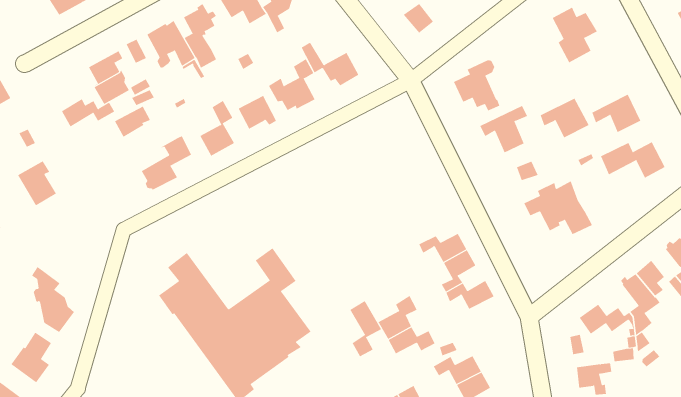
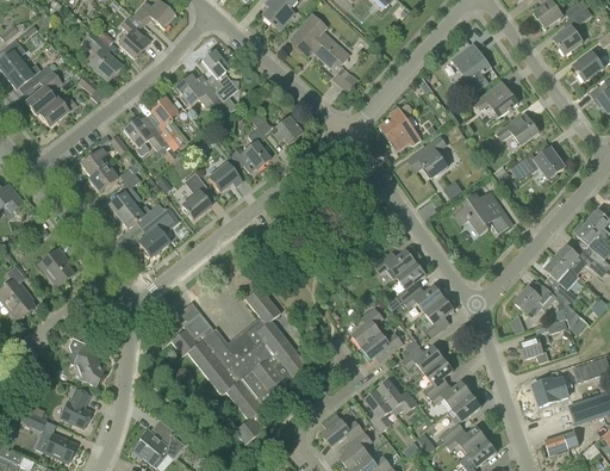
building: [540,98,589,138] -> [475,82,517,117]
building: [61,99,115,127] -> [119,203,163,229]
building: none -> [424,296,453,335]
building: [350,300,382,357] -> none

